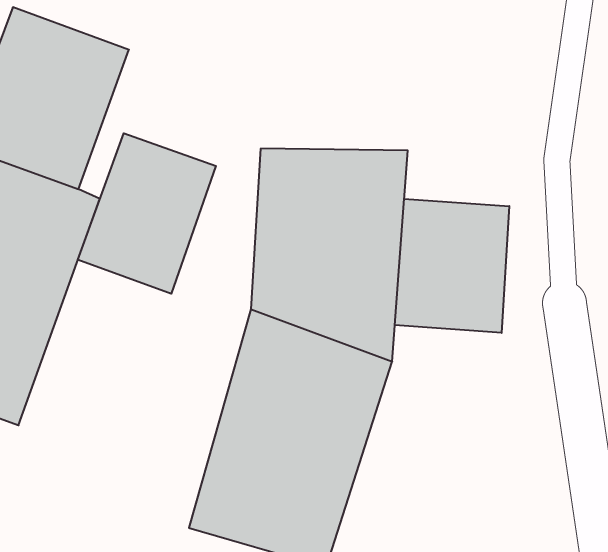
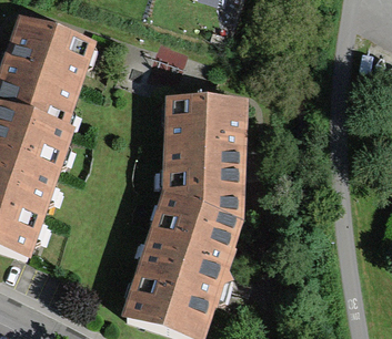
building: [78,133,216,294] -> none
building: [395,199,509,333] -> none

